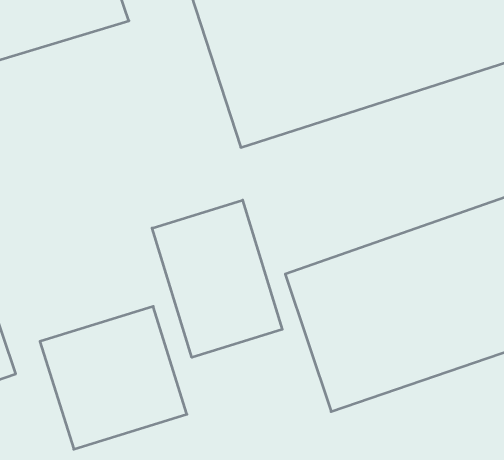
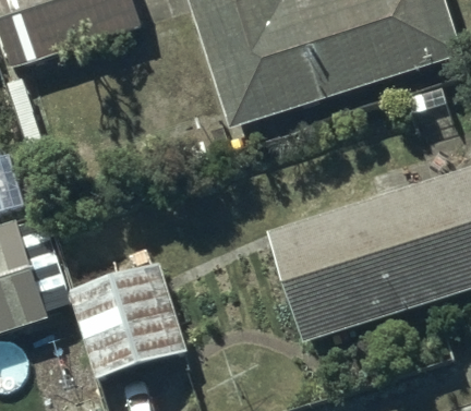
building: [152,200,282,357] -> none

